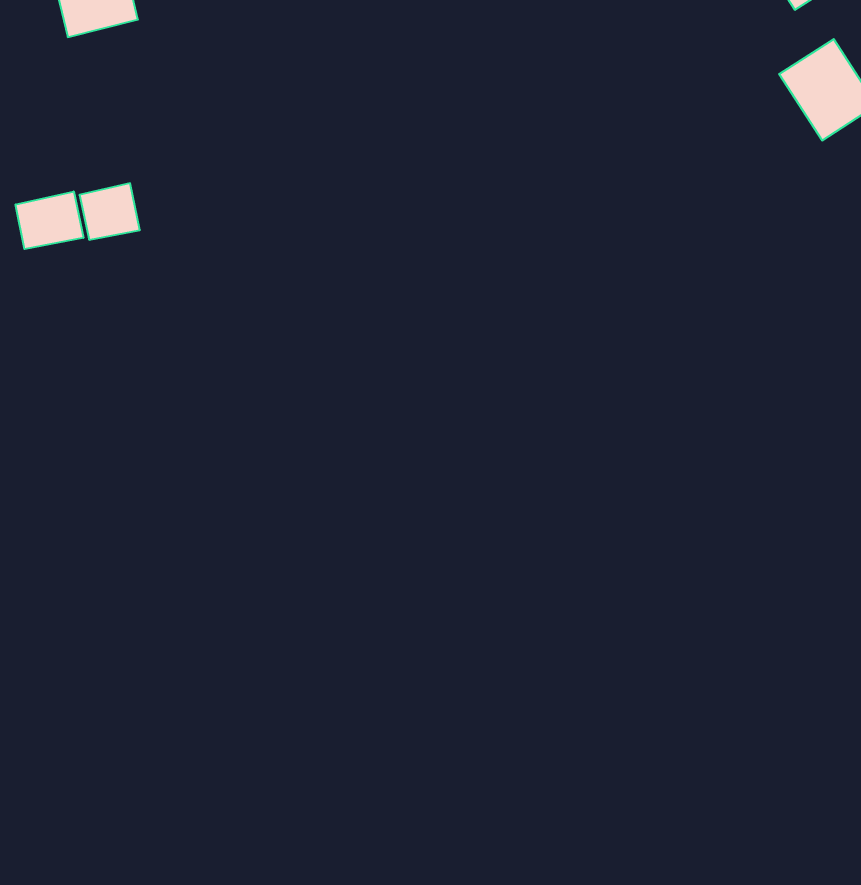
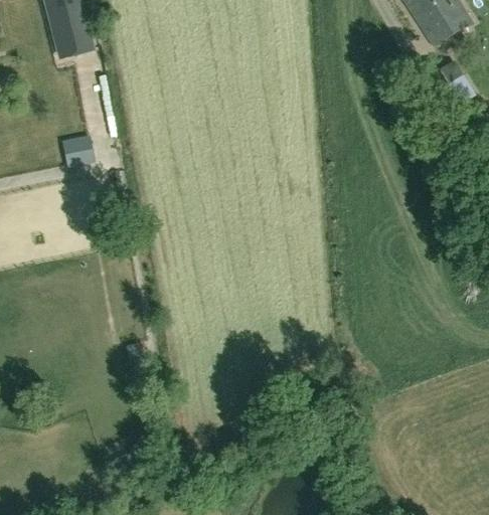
building: [16,191,83,249] -> none

